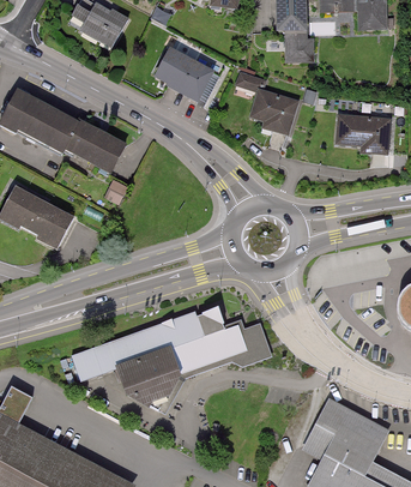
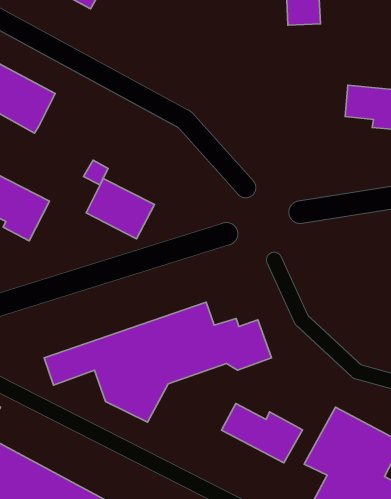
building: [153,46,216,102] -> none
building: [235,70,300,136] -> none
building: [66,120,126,173] -> [86,179,154,239]
building: none -> [222,403,303,463]

